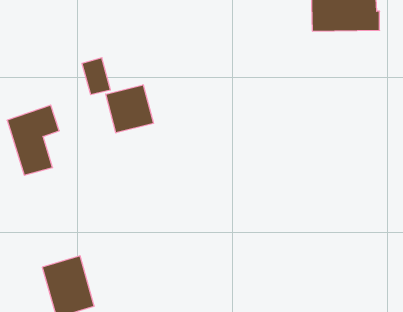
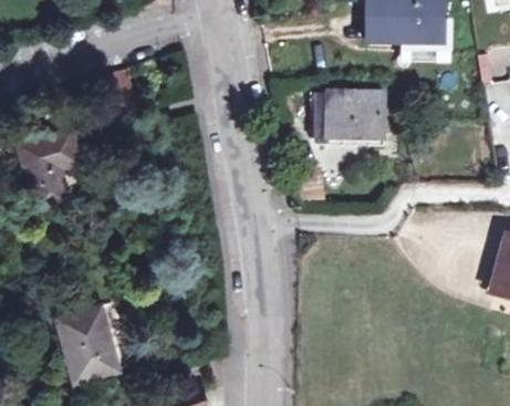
building: none -> [313,92,386,136]
building: [106,85,153,133] -> none

